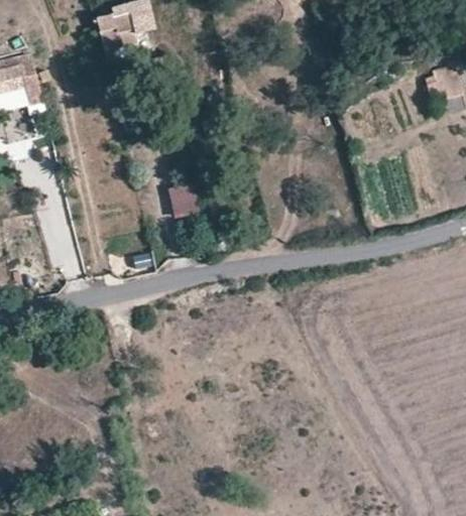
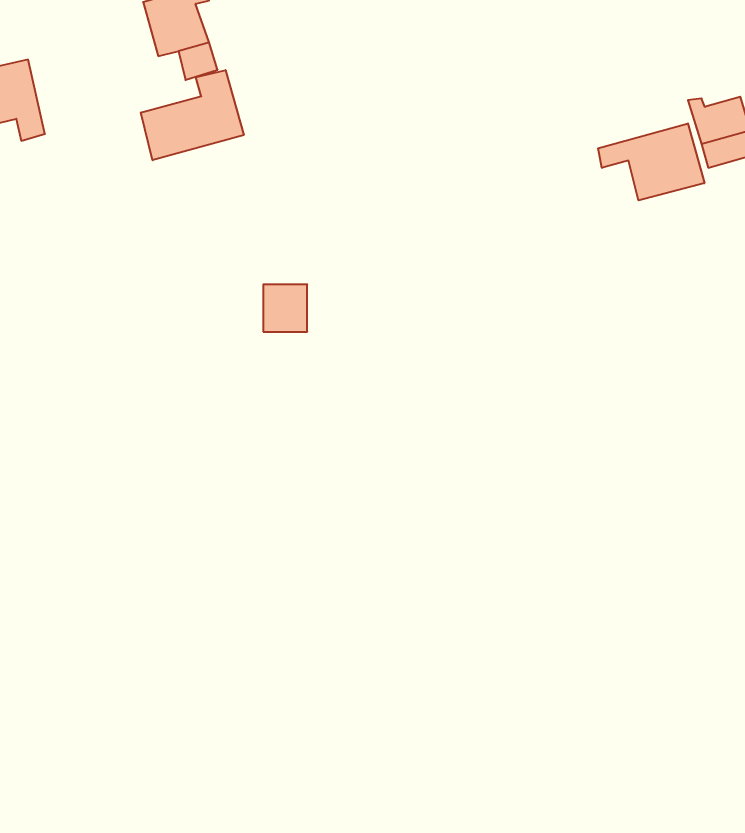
building: none -> [141,70,244,160]
building: none -> [598,123,704,200]

